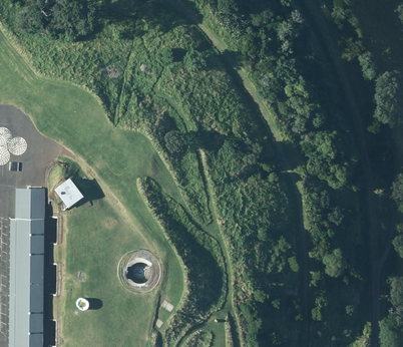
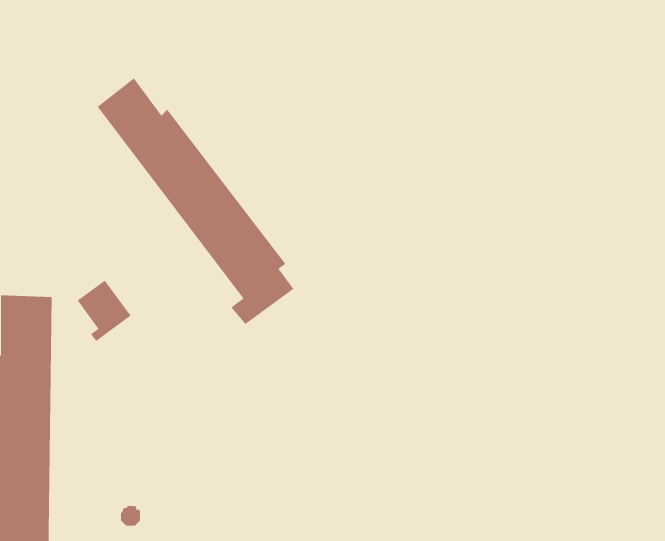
building: none -> [97,78,294,325]

